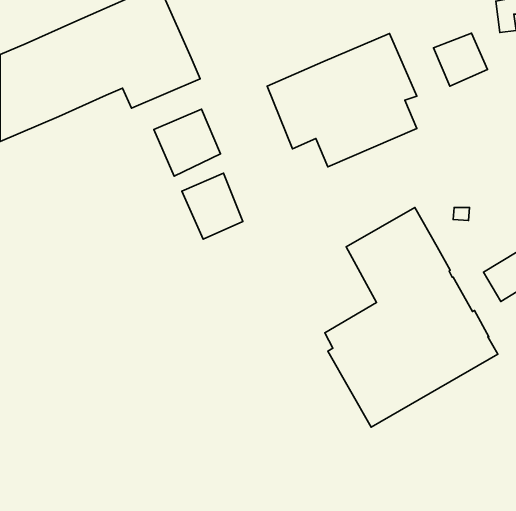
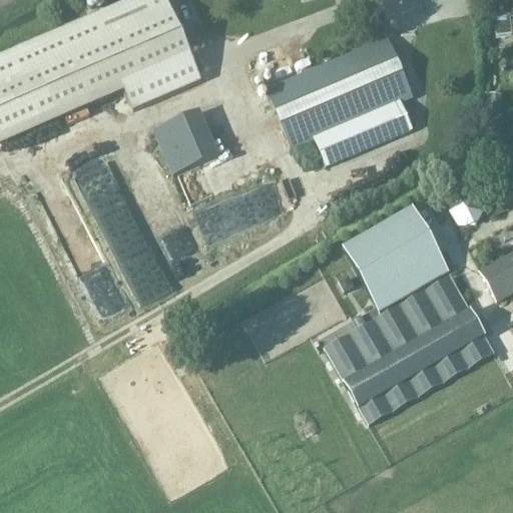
building: [433,33,487,86] -> none
building: [182,173,243,239] -> none

